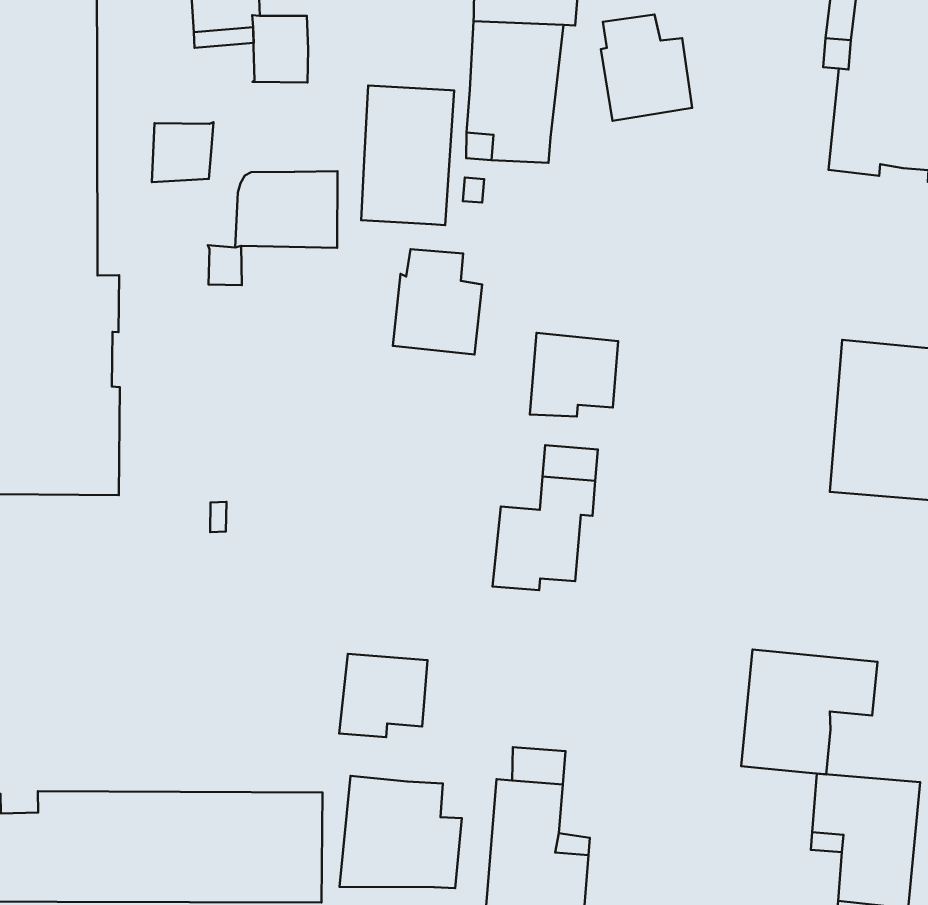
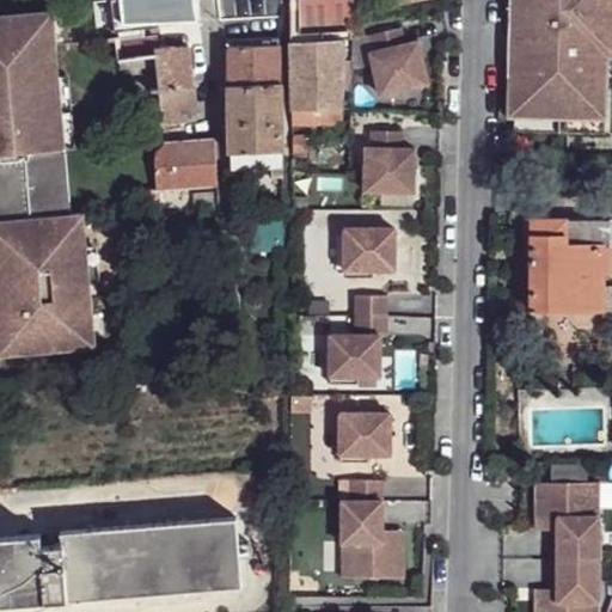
building: none -> [227,38,279,86]
building: [152,122,214,182] -> [158,86,194,126]
building: [393,249,482,355] -> [363,133,415,194]
building: [741,650,878,774] -> none
building: [339,654,428,737] -> [338,415,388,464]
building: [339,776,462,888] -> none

